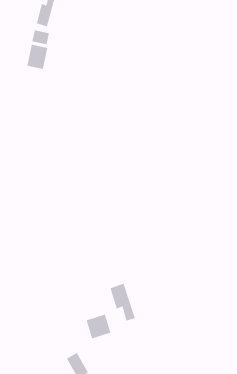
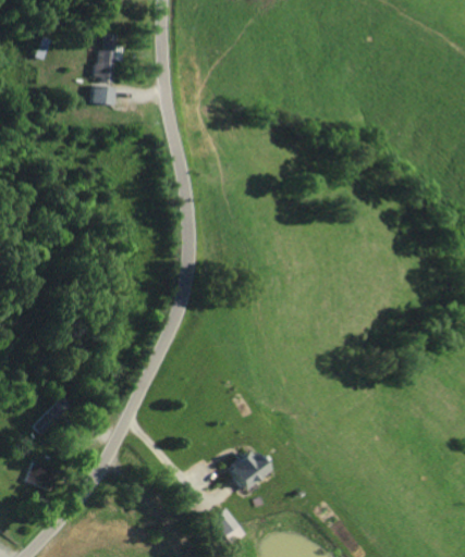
building: [27,44,48,70] -> none
building: [110,283,136,322] -> none

